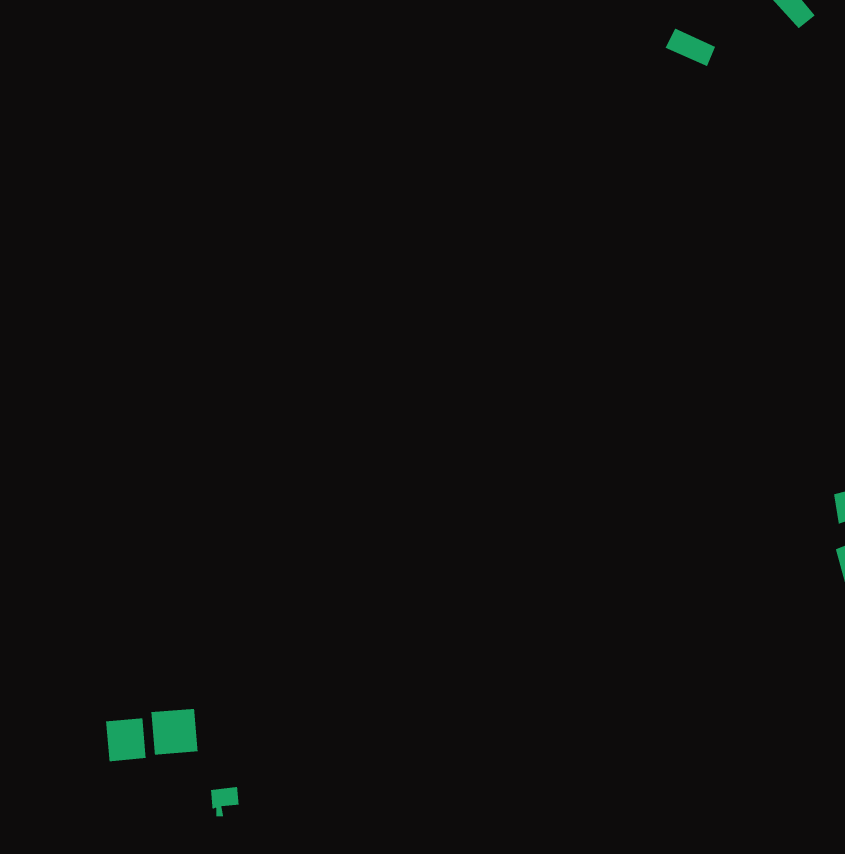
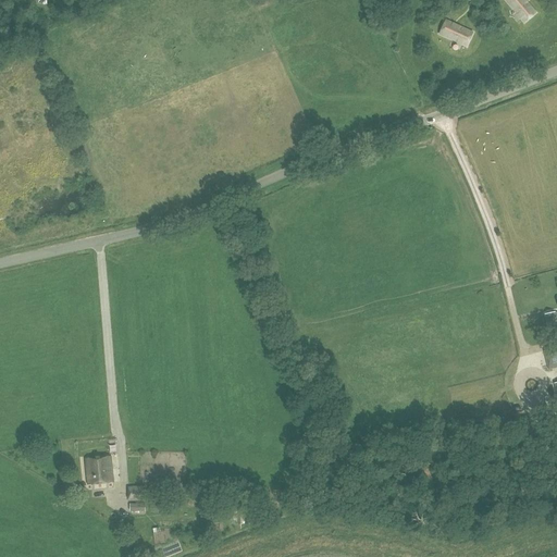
building: [150,708,199,755] -> none

